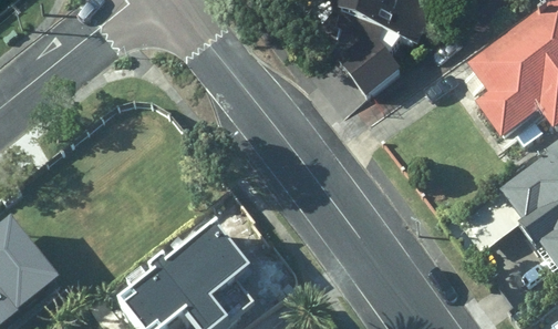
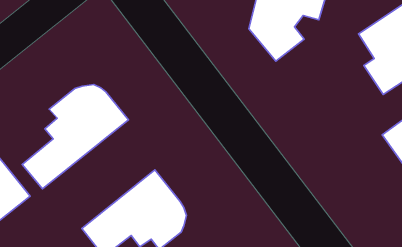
building: none -> [22,84,128,189]

